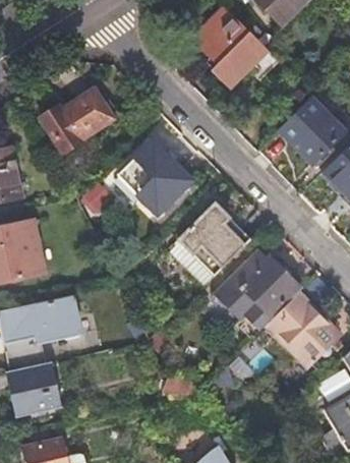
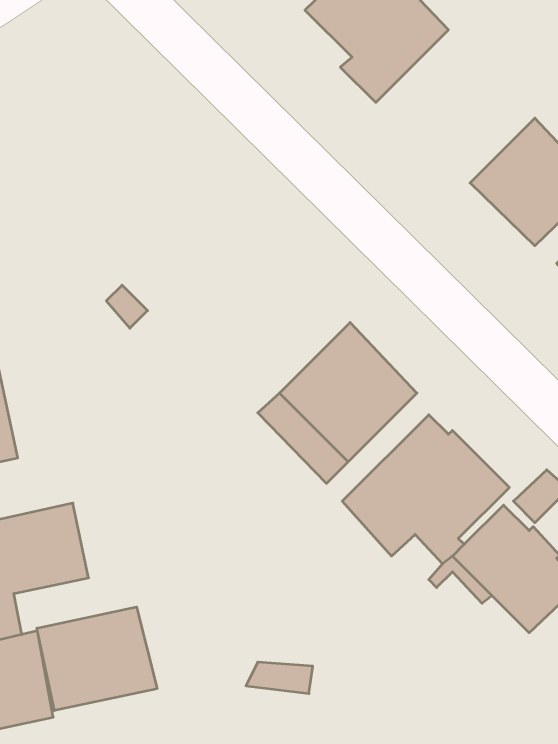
building: [40,90,113,157] -> none
building: [119,140,192,214] -> none
building: none -> [37,607,157,711]

